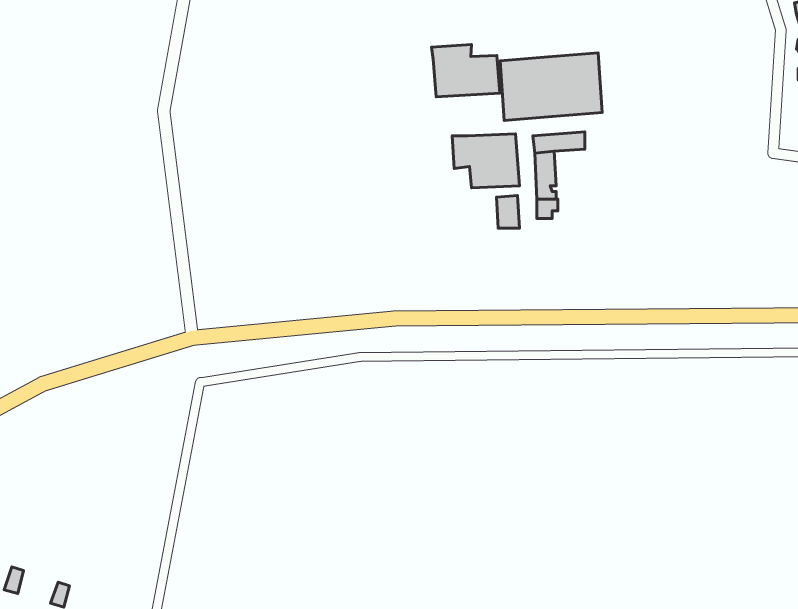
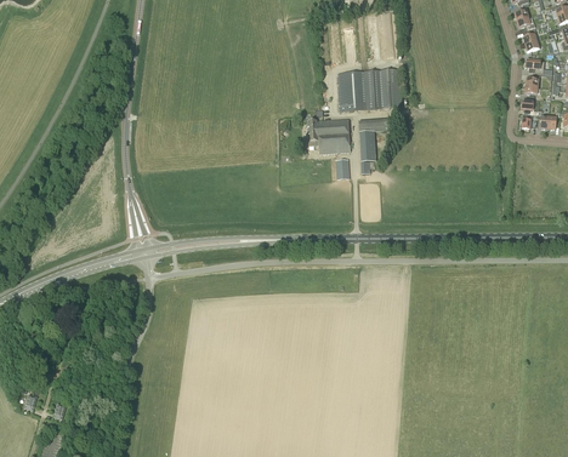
building: [431,44,500,97] -> none

